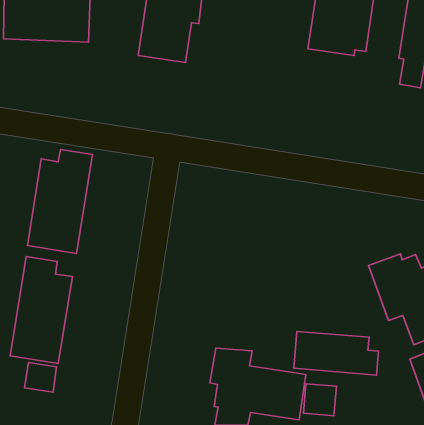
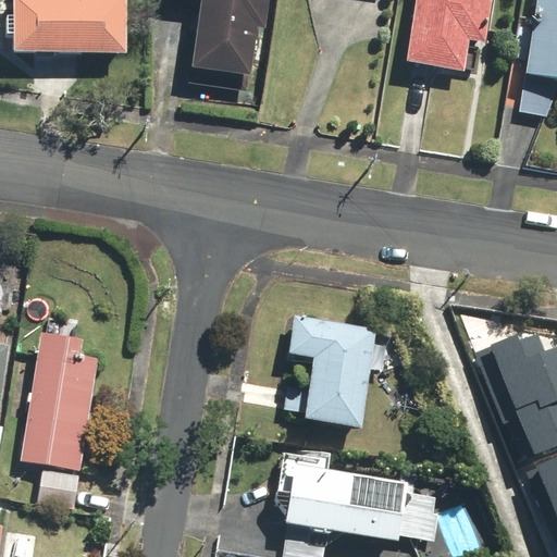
building: [27,149,92,253] -> none
building: none -> [289,315,376,430]
building: [294,331,378,375] -> none

